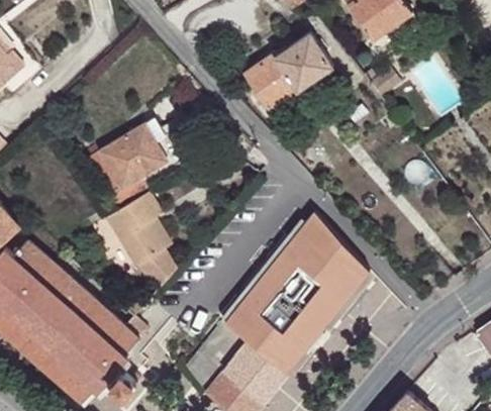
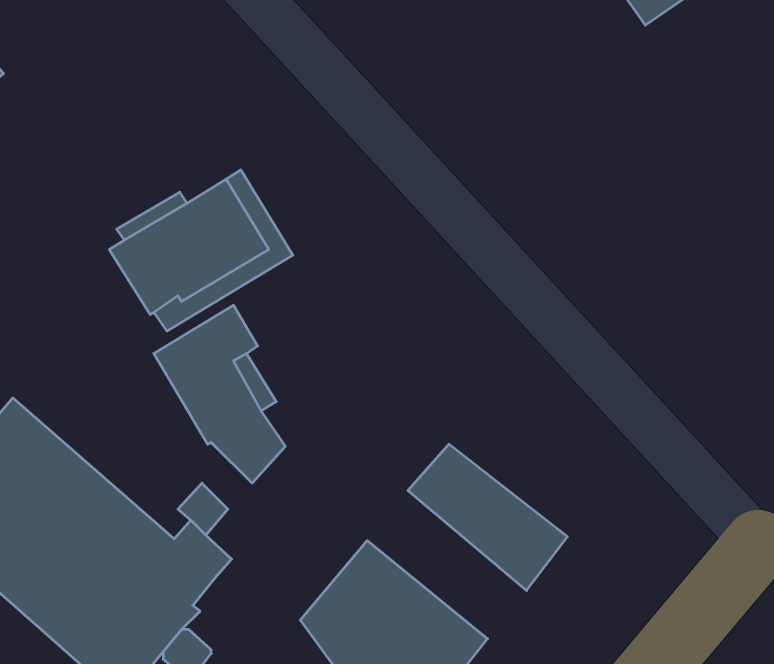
building: [243,34,333,110] -> none
building: [267,206,375,318] -> none
building: [222,293,309,374] -> none

